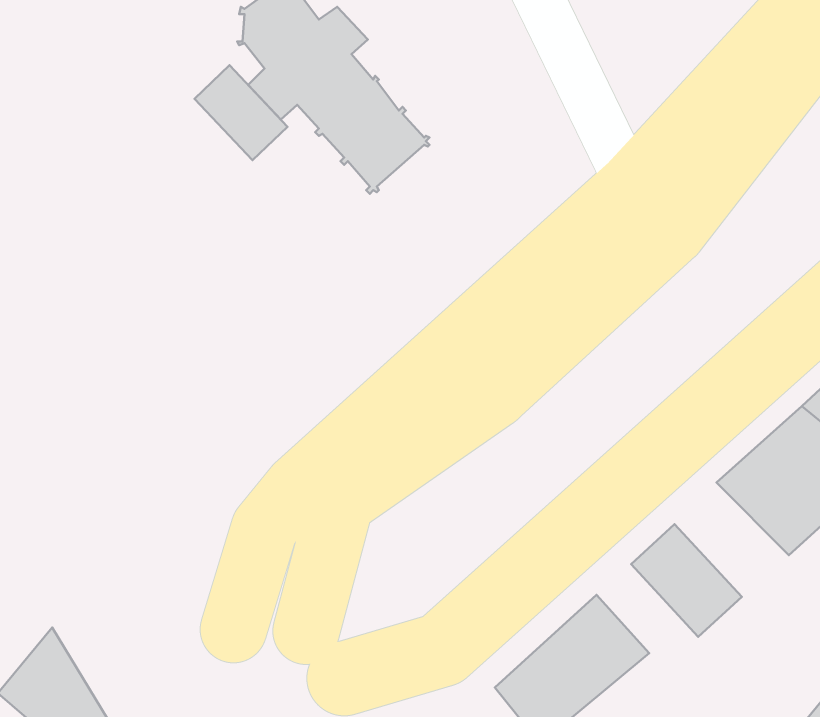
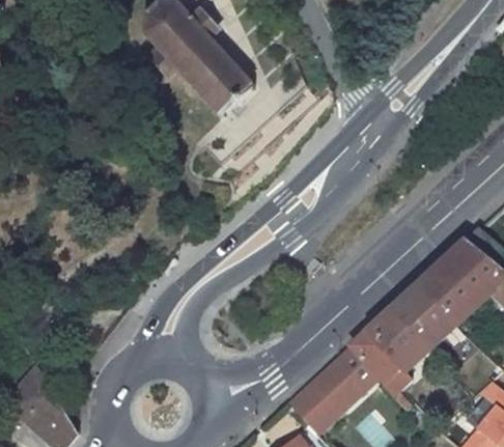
building: [194,65,288,160] -> none
building: none -> [392,283,457,348]
building: none -> [351,330,412,394]

